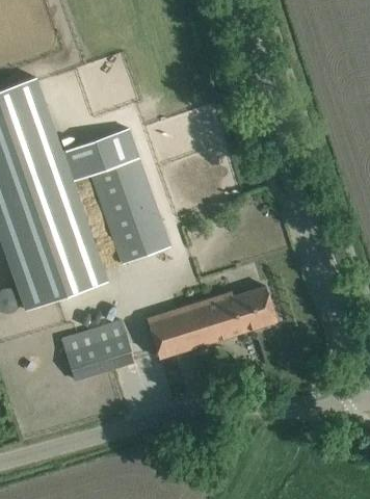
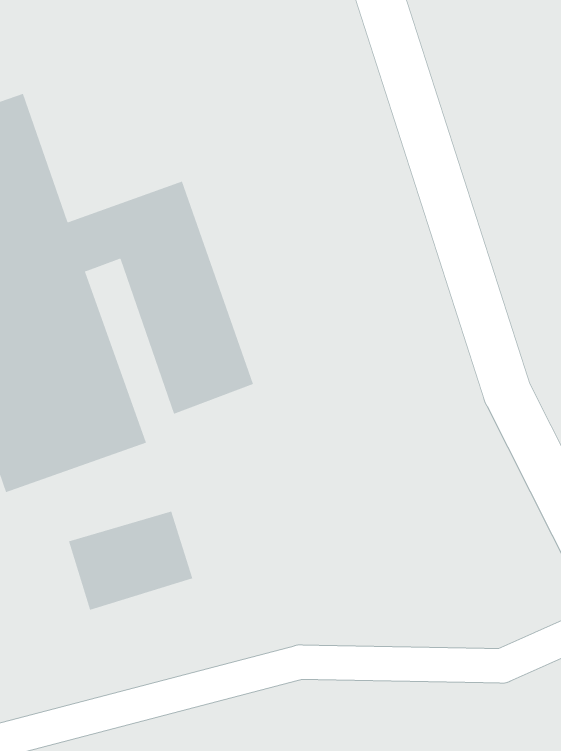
building: [148,287,278,359] -> none

